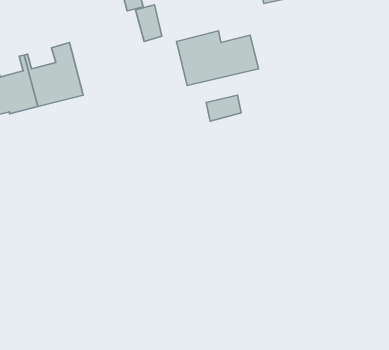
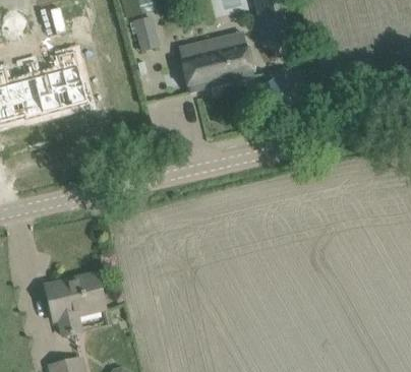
building: [206,95,241,121] -> none
building: none -> [45,272,104,334]

